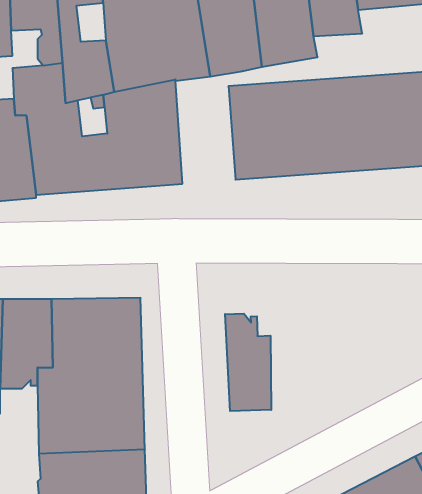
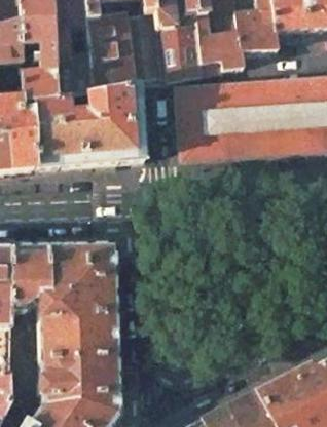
building: [225,314,271,411] -> none

